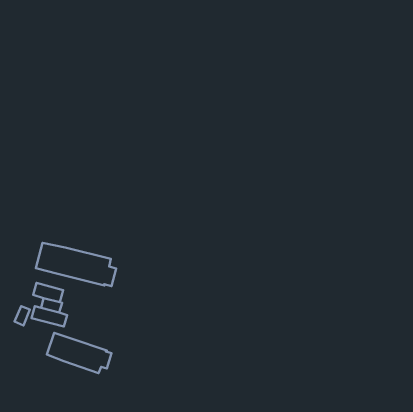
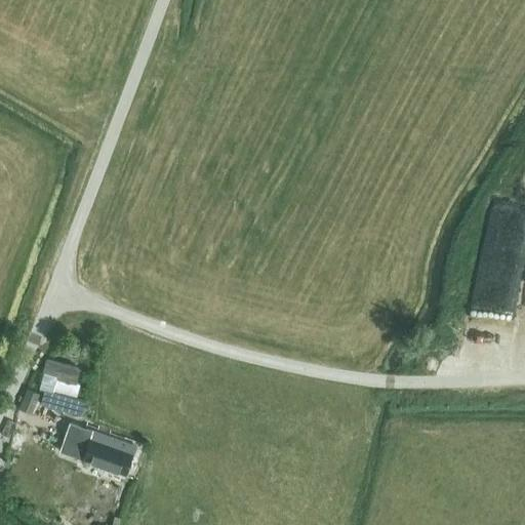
building: [36,243,116,286] -> none

